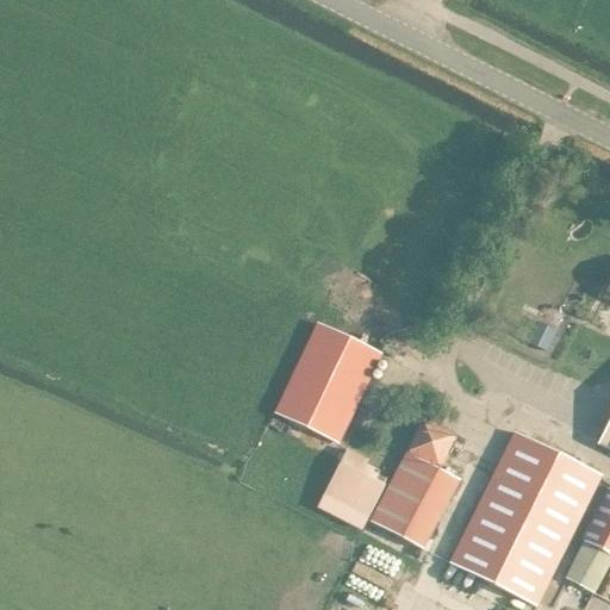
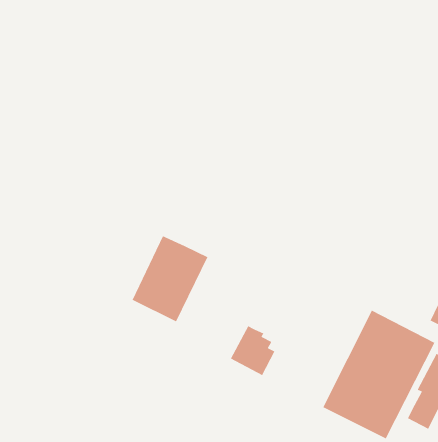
building: [275,322,381,442] -> [131,235,208,323]
building: [371,419,461,548] -> none

